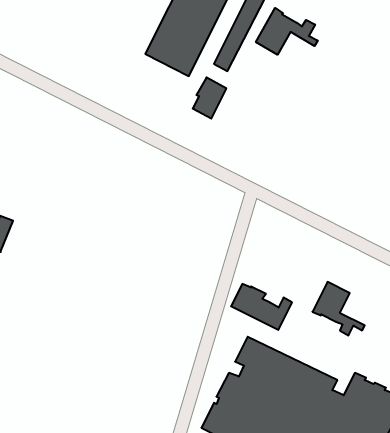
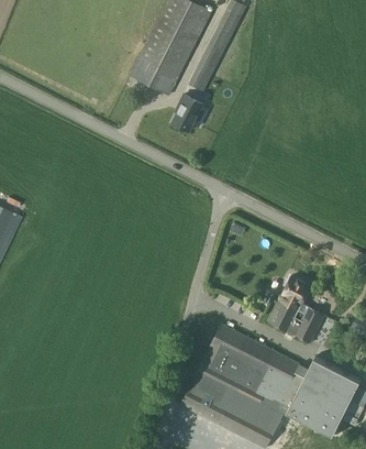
building: [256,8,318,55] -> none
building: [231,284,292,330] -> [267,302,321,342]

